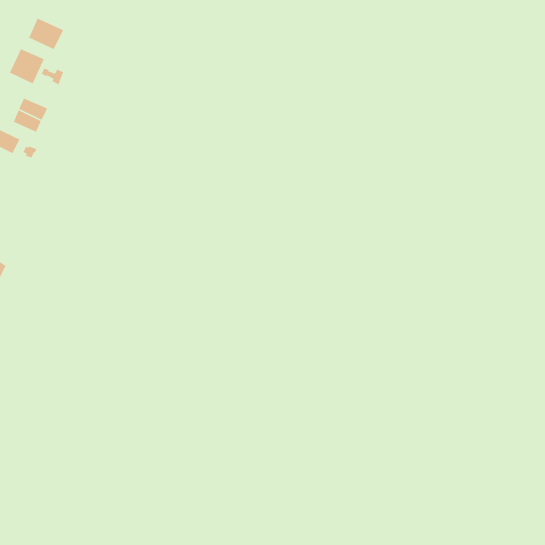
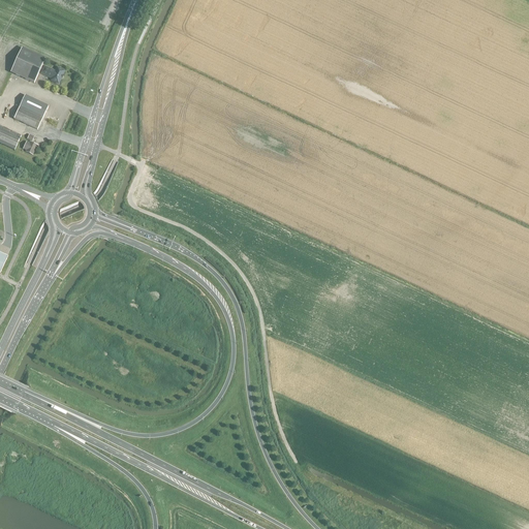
building: [27,17,64,50] -> none

